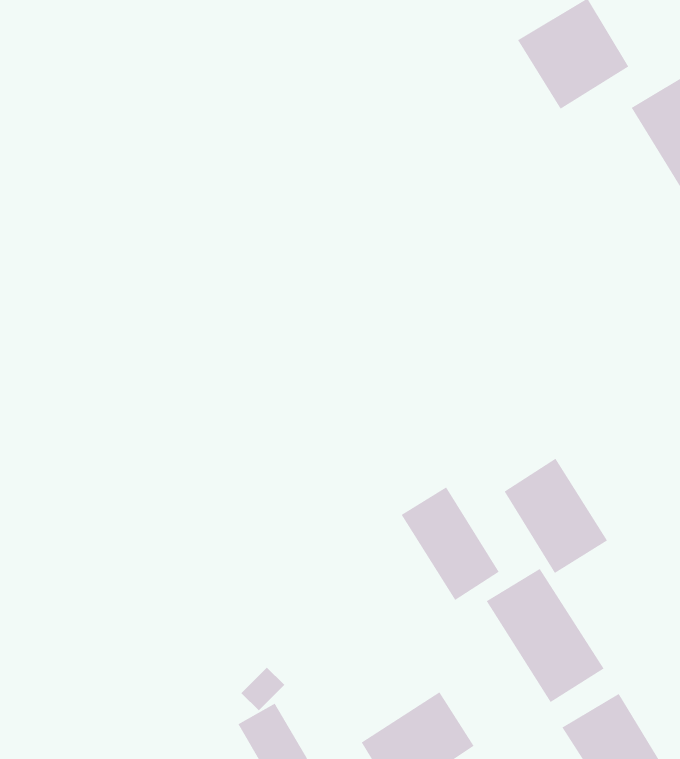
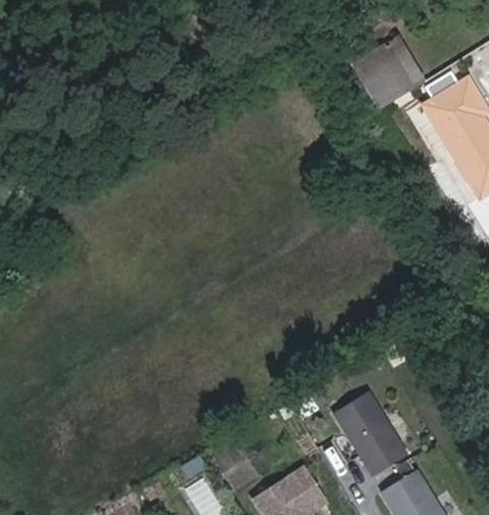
building: [504,458,608,574] -> none
building: [401,486,499,601] -> none

